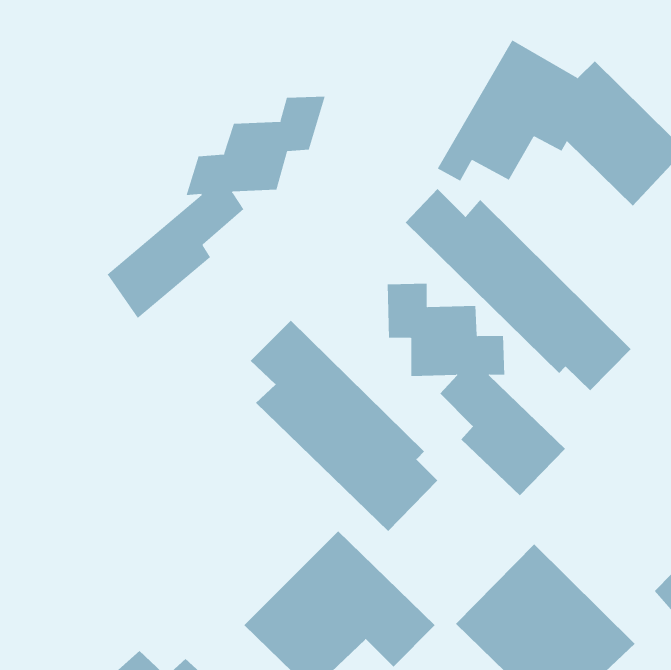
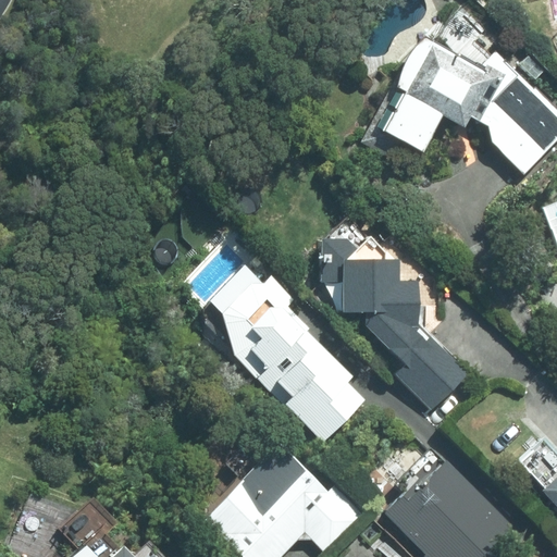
building: [107,96,325,319] -> none
building: [405,188,632,391] -> none

